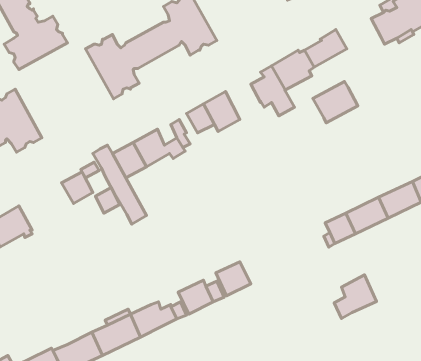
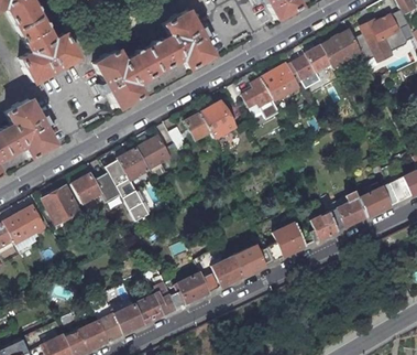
building: [313,81,358,123] -> [321,30,362,67]
building: none -> [44,187,79,223]
building: none -> [234,245,266,276]
building: [334,275,377,319] -> [268,222,307,261]

